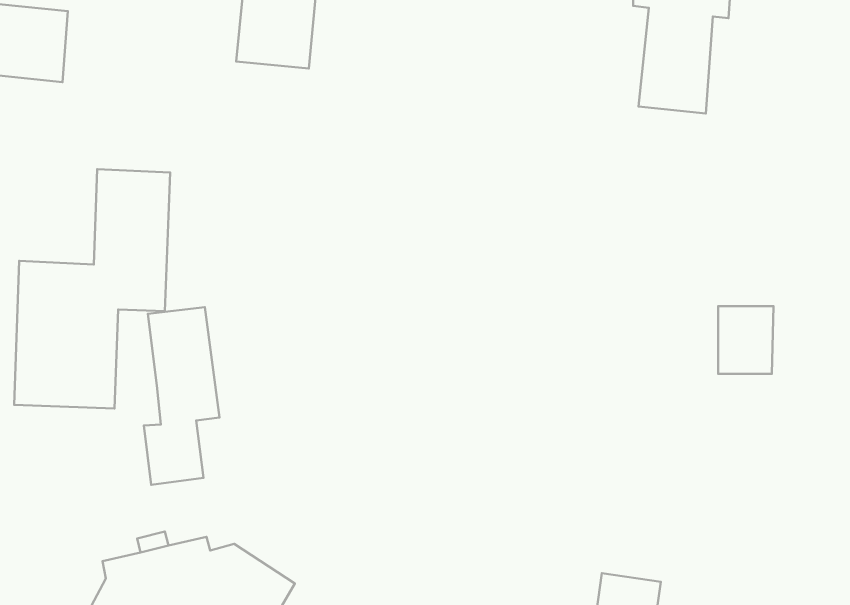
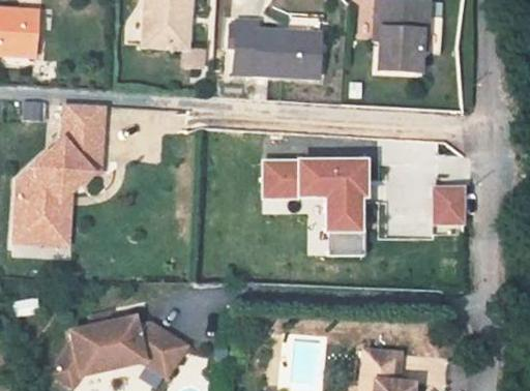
building: none -> [241,14,324,78]
building: none -> [262,159,363,252]
building: [144,307,220,485] -> none

